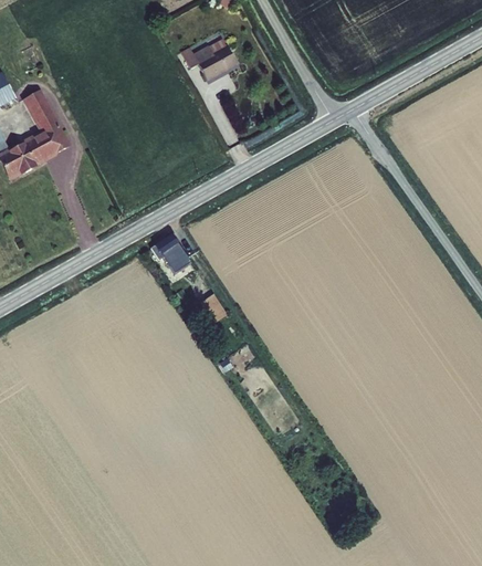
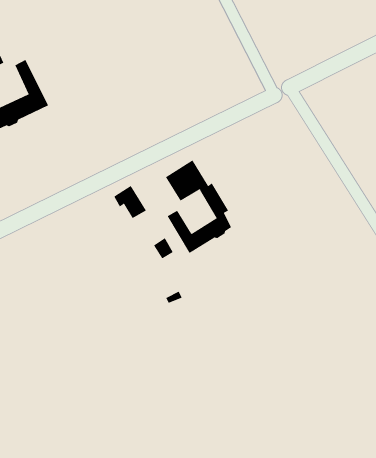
building: [185,39,238,80] -> none
building: none -> [165,160,232,254]

